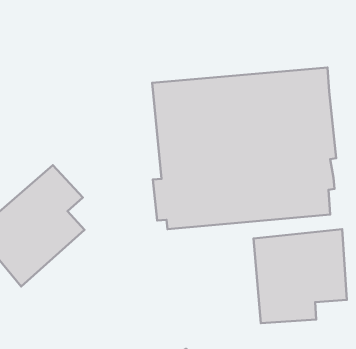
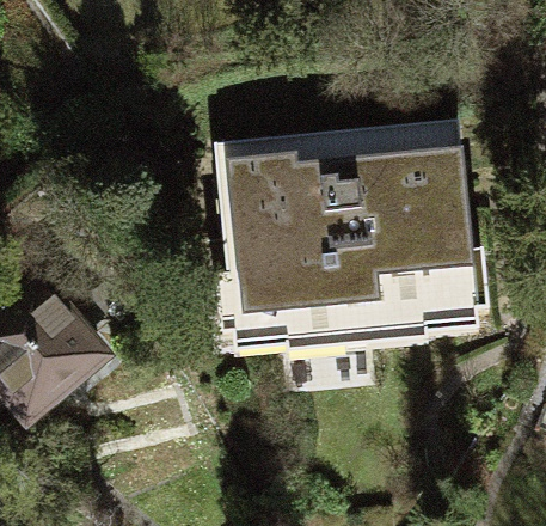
building: [253,229,347,323] -> none

